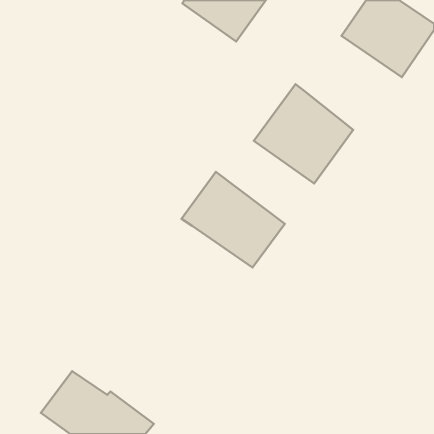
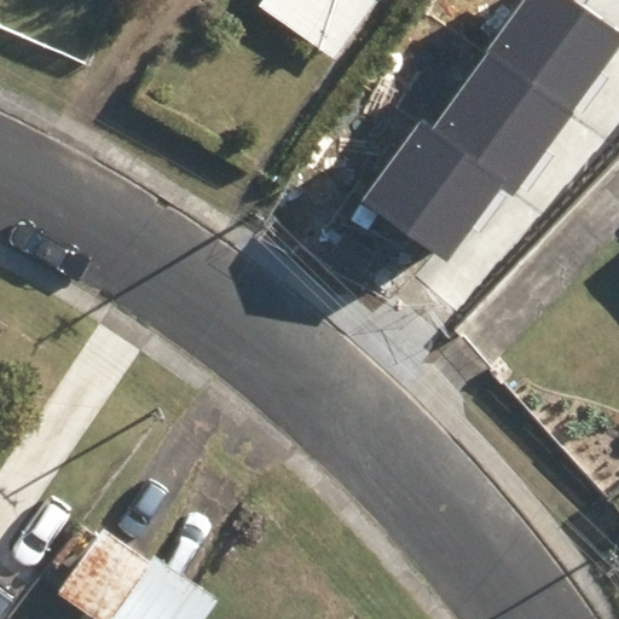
building: none -> [433,51,574,193]
building: [182,172,285,268] -> none

